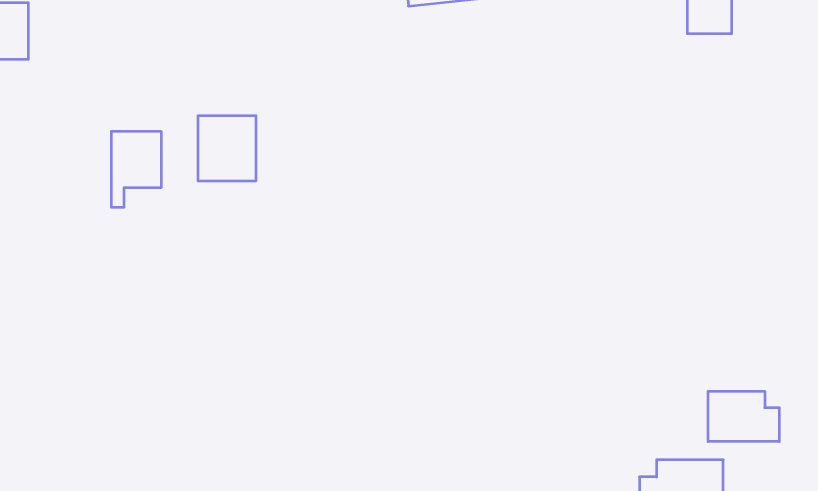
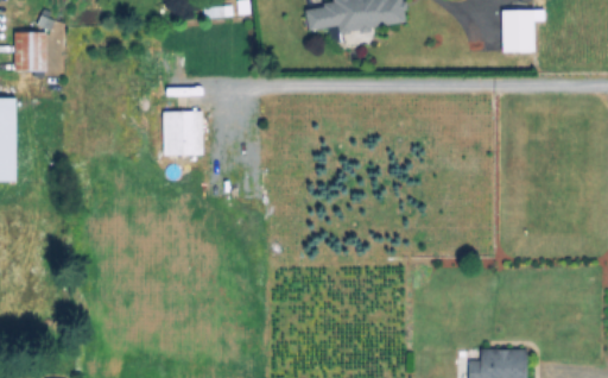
building: [111,131,161,207] -> none
building: [708,391,779,442] -> none

